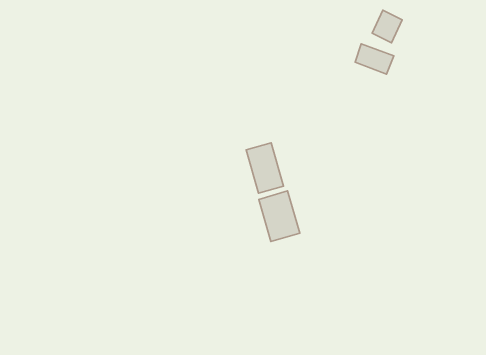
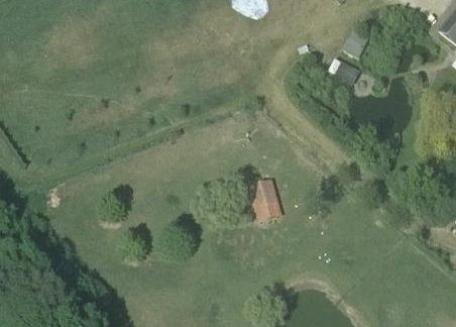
building: [246,143,283,193] -> none

